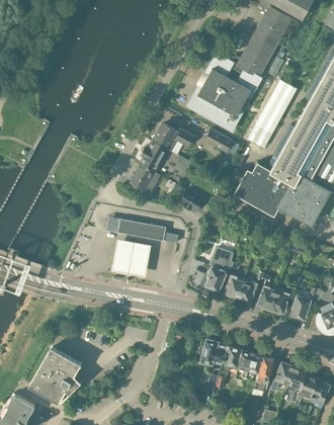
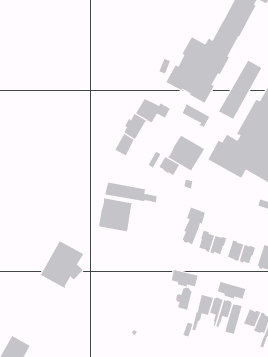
building: none -> [167,135,205,172]
building: none -> [171,269,198,287]
building: none -> [217,281,246,300]
building: [31,348,82,404] -> [39,240,84,289]

